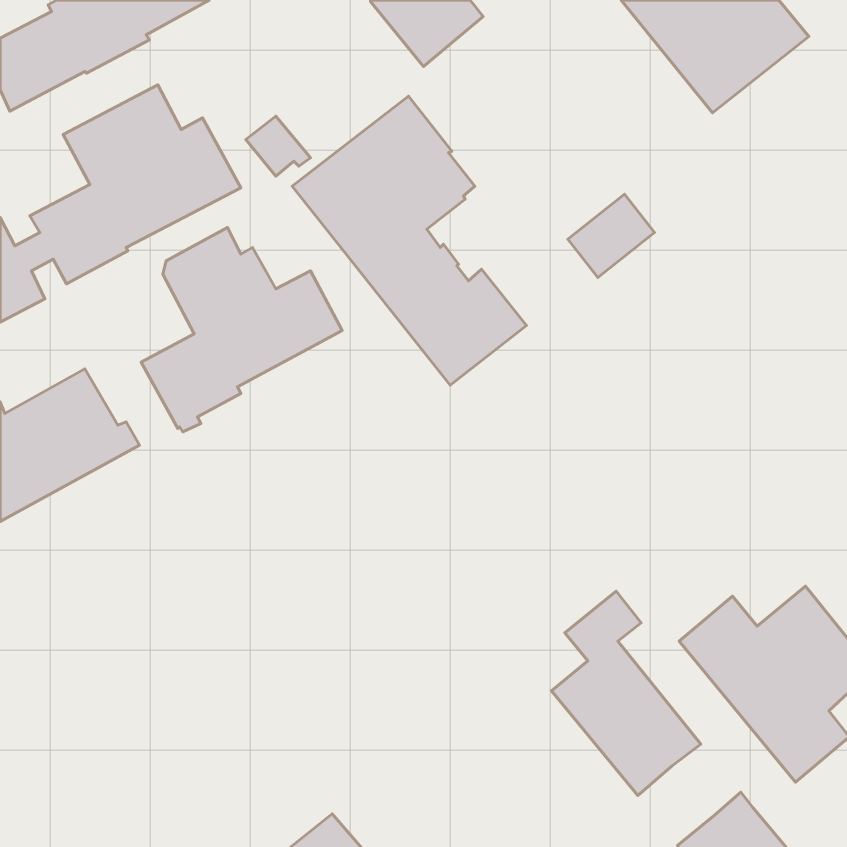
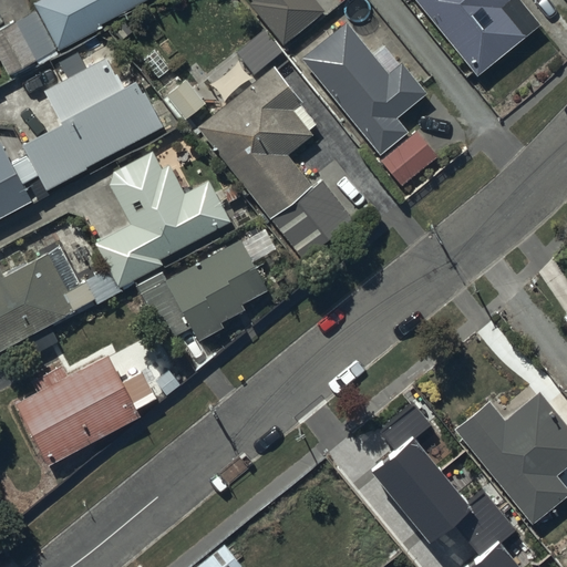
building: none -> [300,21,426,155]
building: none -> [136,227,280,342]
building: none -> [14,353,155,465]
building: none -> [450,484,519,545]

